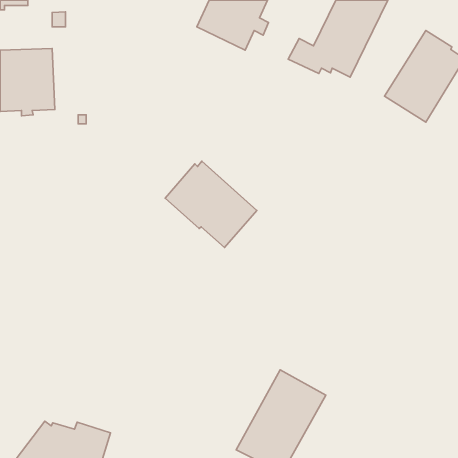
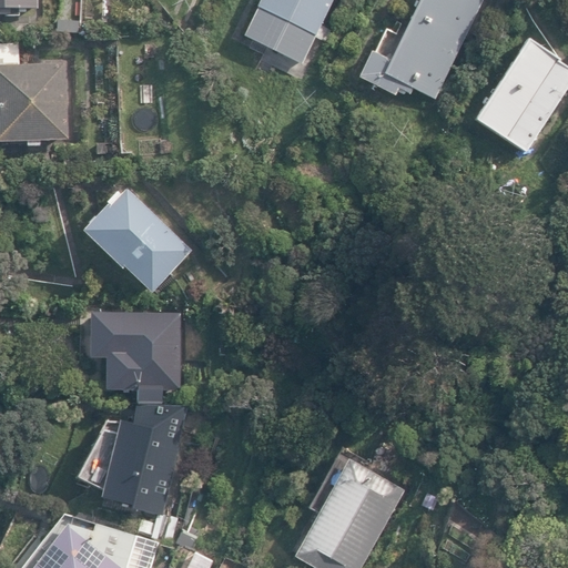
building: [165,161,257,247] -> [80,184,193,291]
building: none -> [89,308,181,400]
building: none -> [95,416,185,516]

